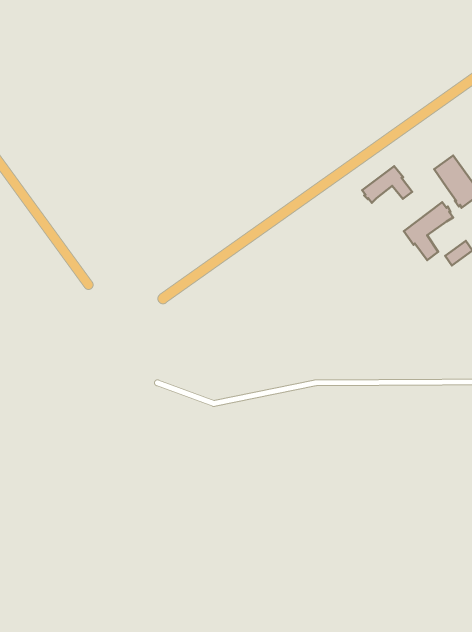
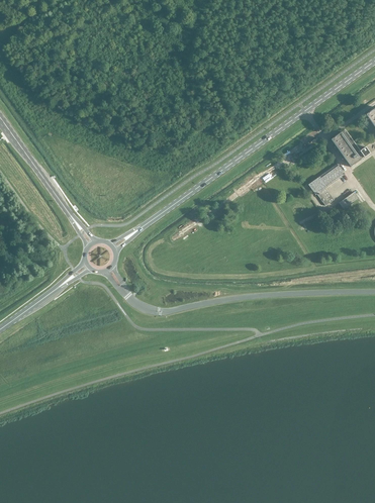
building: [362,166,412,203] -> none

